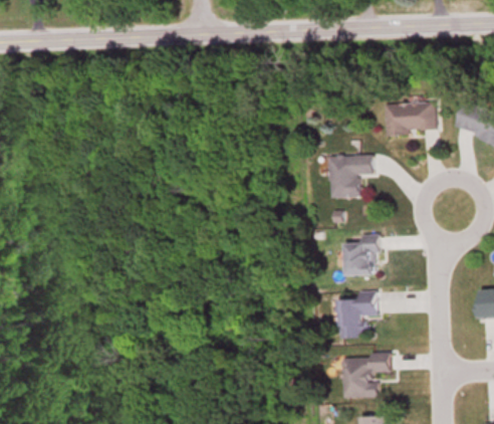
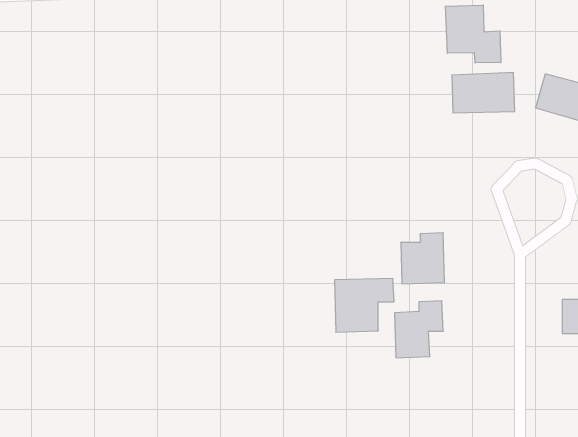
building: none -> [445,5,501,63]
building: [329,155,375,198] -> none
building: [342,353,392,397] -> [335,279,394,332]

